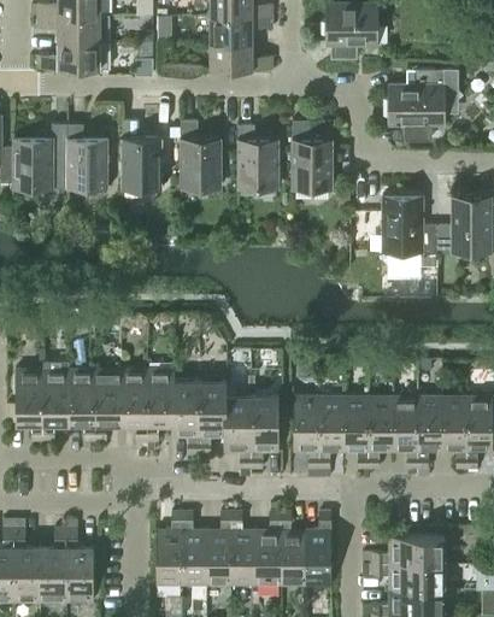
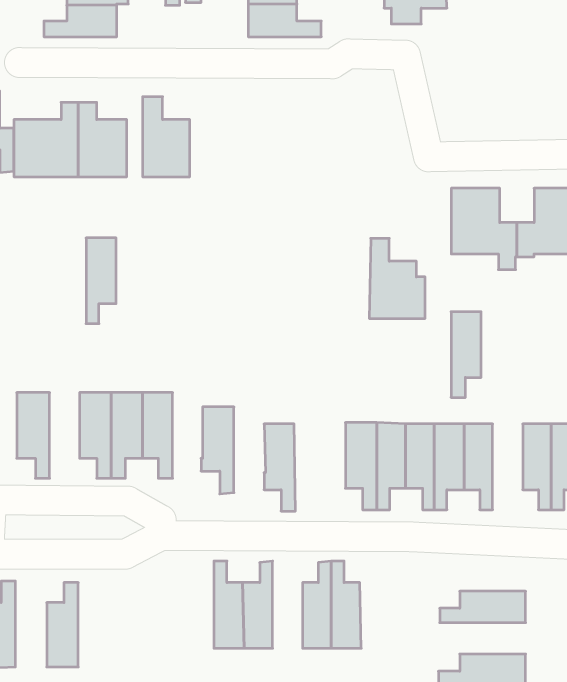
building: [388,70,464,141] -> none
building: [181,119,220,188] -> none
building: [292,121,339,188] -> [369,238,425,318]
building: [239,124,278,187] -> none
building: [43,369,69,441] -> [86,238,116,324]
building: [147,369,172,441] -> none
building: [199,381,225,453] -> none
building: [249,395,278,469] -> none
building: [417,395,442,468] -> [451,312,481,397]
building: [157,511,182,584] -> none
building: [231,511,257,584] -> none
building: [305,511,331,584] -> none
building: [14,528,41,600] -> none
building: [67,529,94,600] -> none
building: [372,563,445,589] -> none

